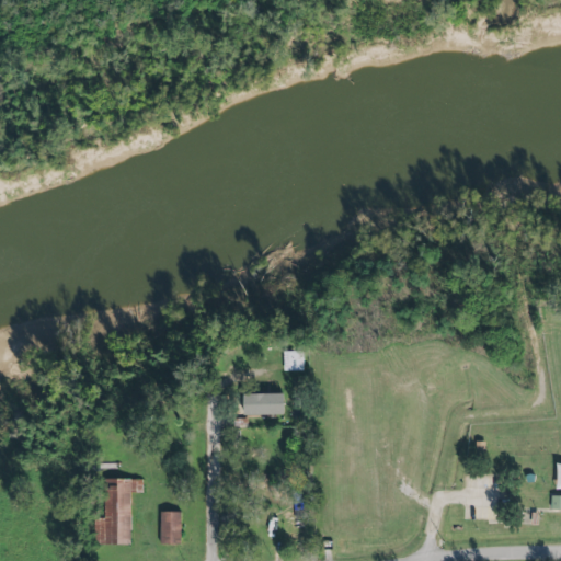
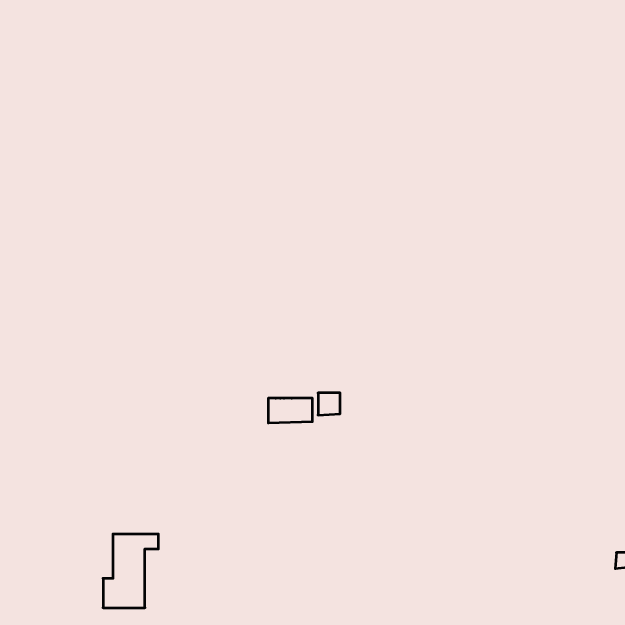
building: [247,394,286,416] -> [268,398,312,423]
building: [161,510,181,542] -> none

